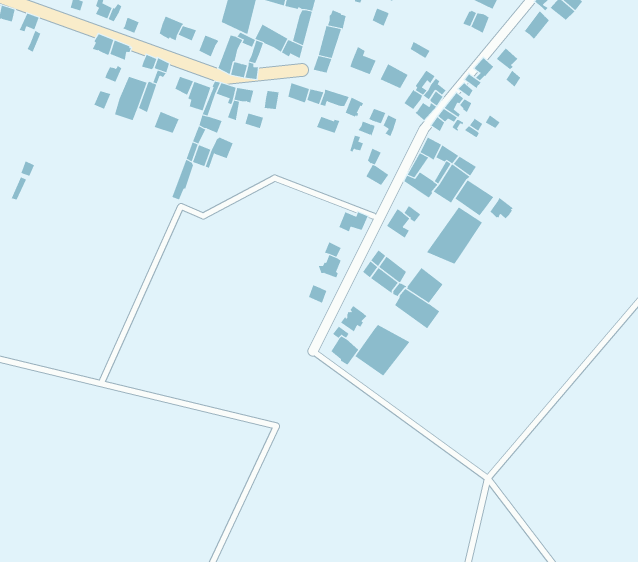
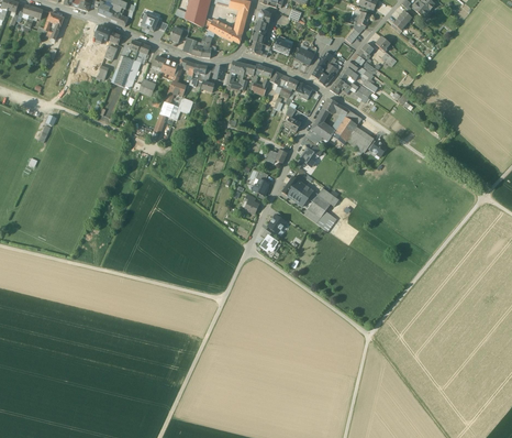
building: [426,206,483,264] -> none
building: [354,324,410,377] -> none

